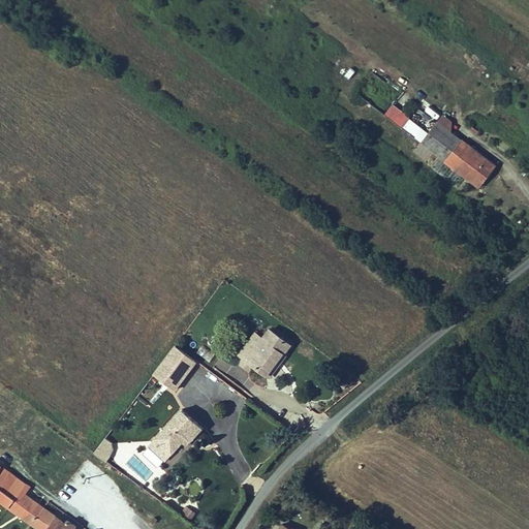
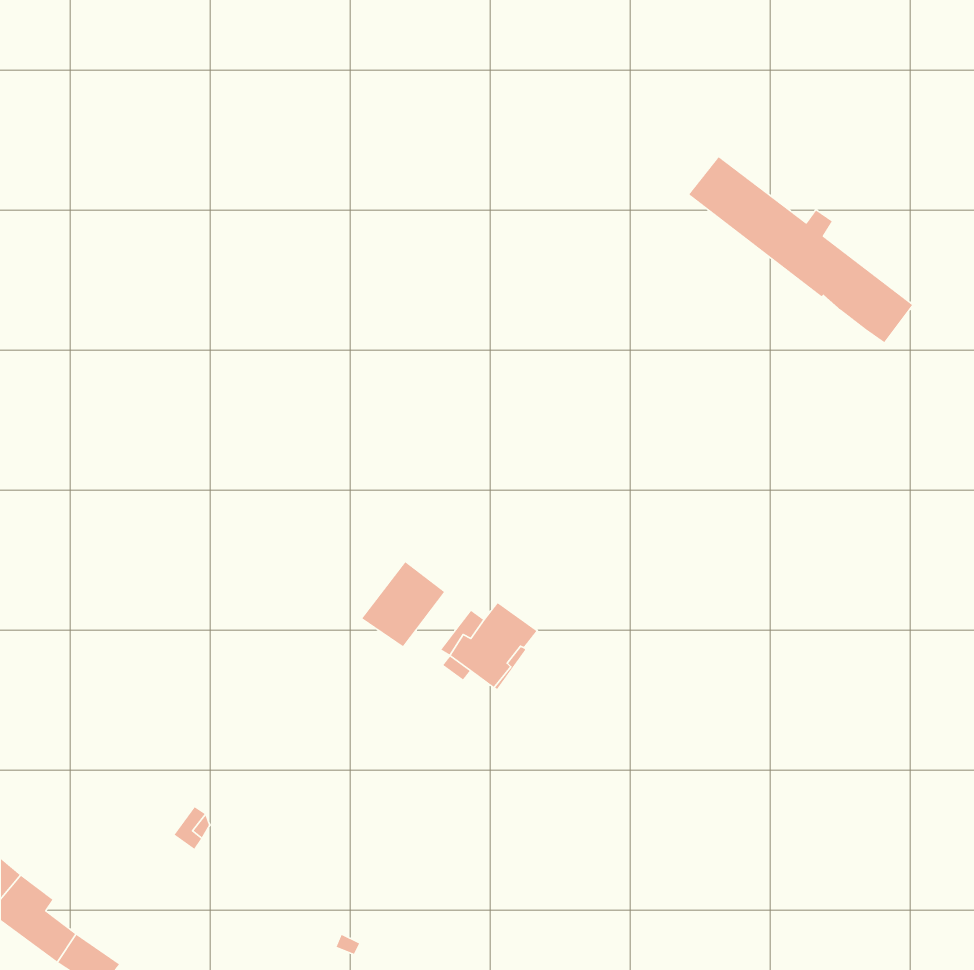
building: [153,345,198,392] -> [361,561,445,647]
building: [149,409,201,461] -> none

